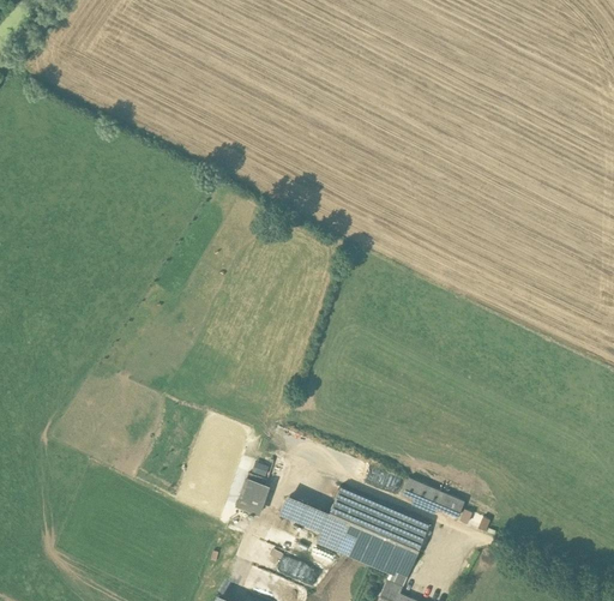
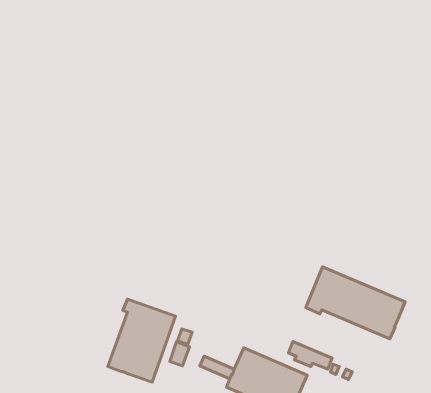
building: none -> [306,267,405,339]
building: none -> [108,299,176,382]

